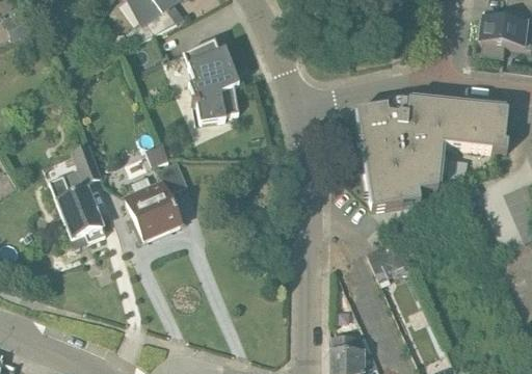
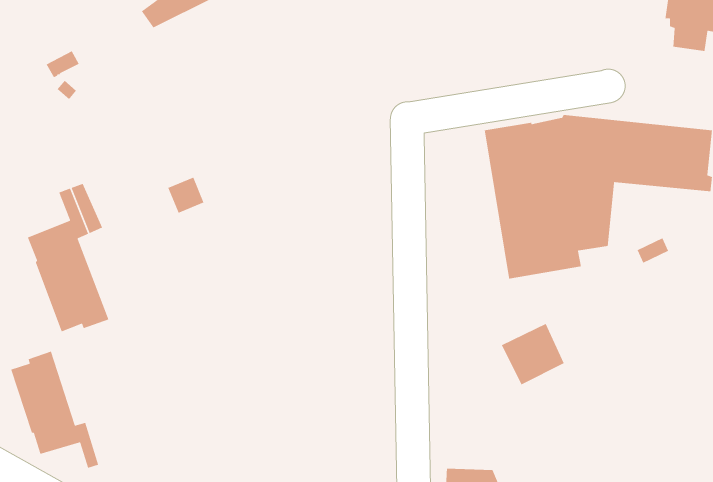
building: [163,39,240,121] -> none
building: [126,160,188,239] -> none
building: none -> [10,350,99,469]

